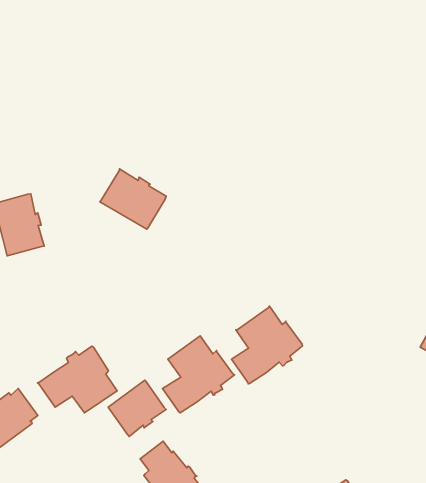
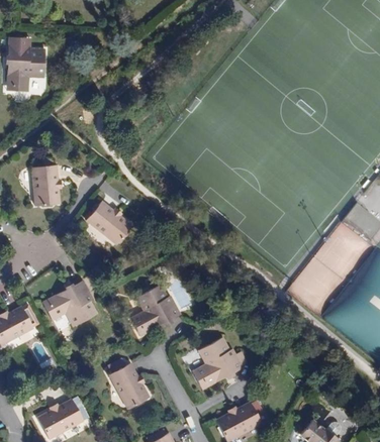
building: [100,169,166,229] -> [86,201,133,246]
building: [232,306,302,384] -> [192,337,244,390]
building: [108,380,166,436] -> none

